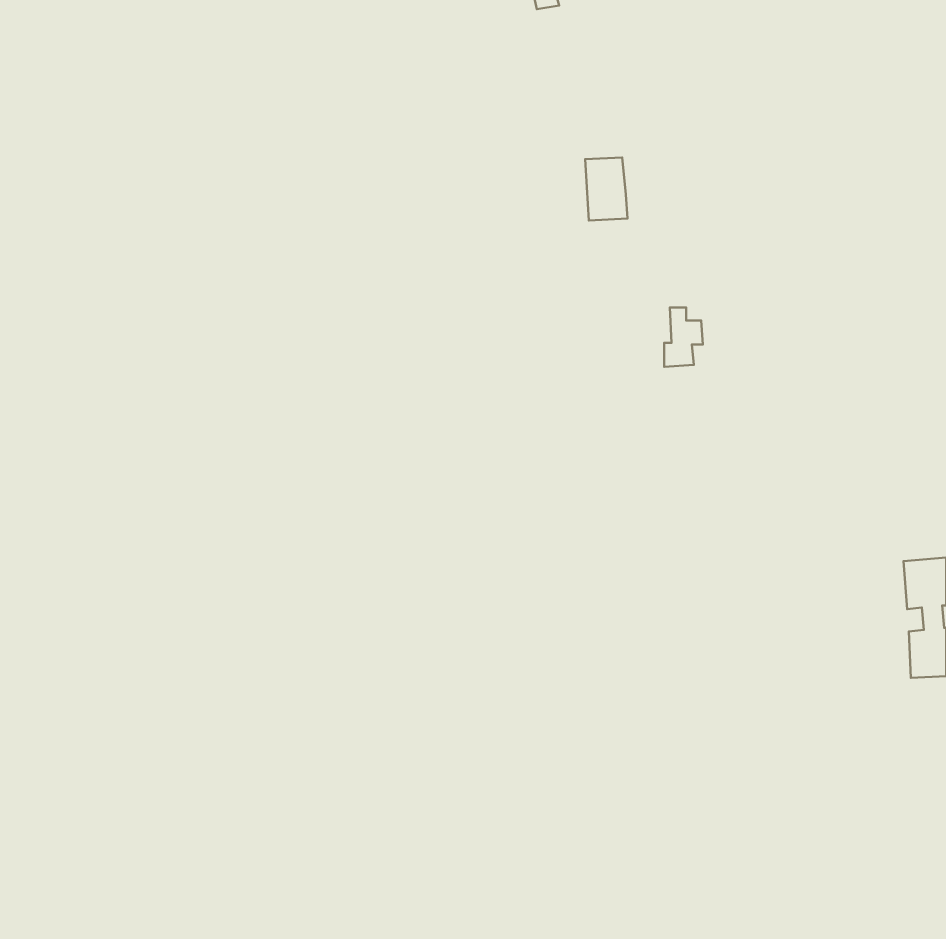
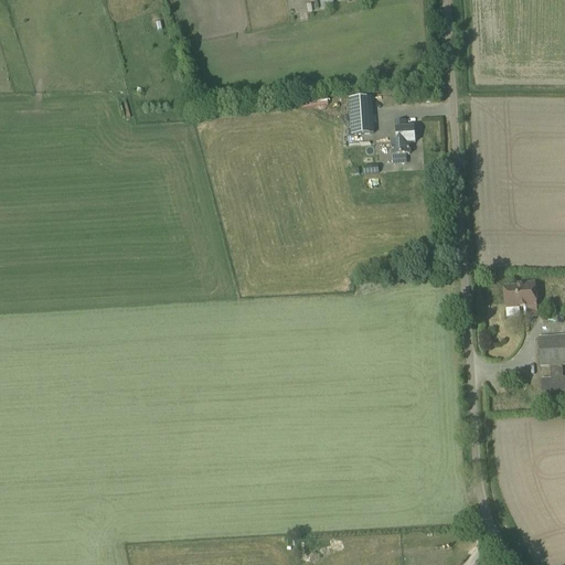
building: [664,308,703,367] -> [392,117,415,152]
building: none -> [504,279,536,306]

